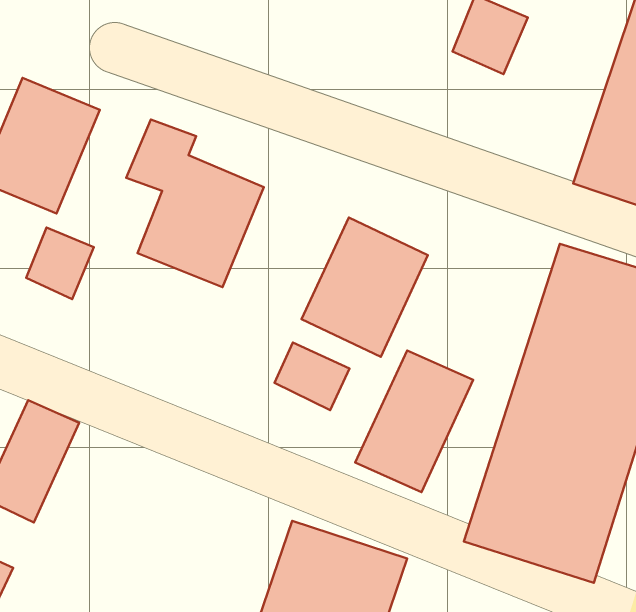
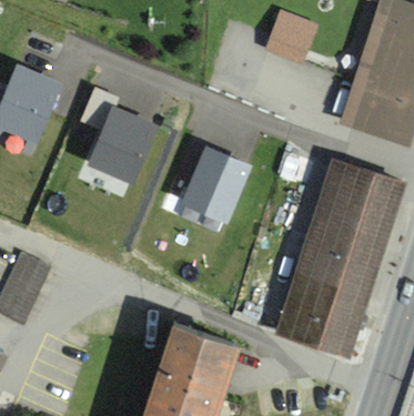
building: [26,228,94,299] -> none
building: [274,342,349,410] -> none
building: [355,351,473,492] -> none

